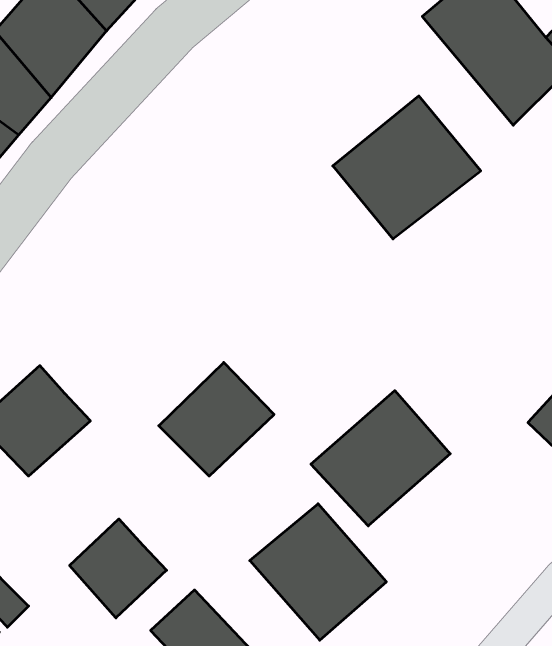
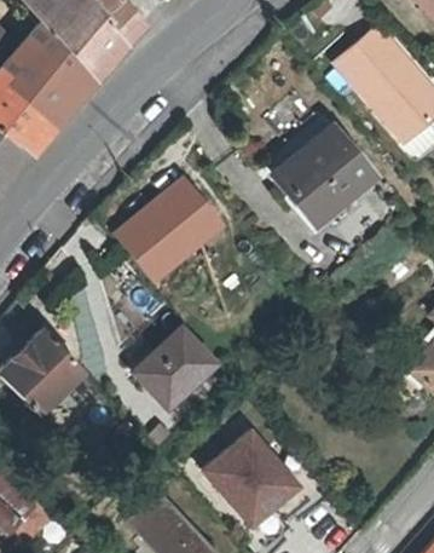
building: none -> [110,173,227,287]
building: [311,391,450,526] -> none
building: [70,519,167,618] -> none

